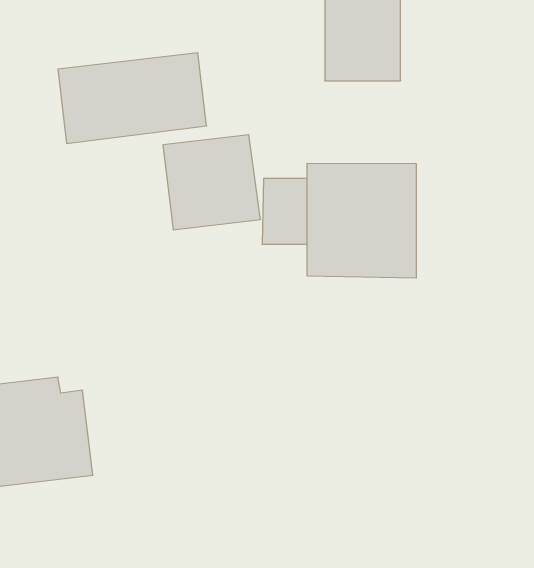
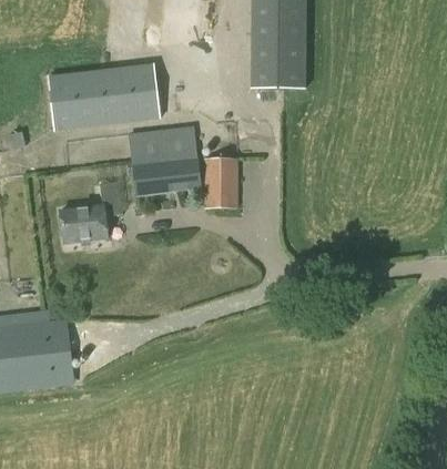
building: [307,163,416,278] -> none
building: none -> [61,182,122,242]

